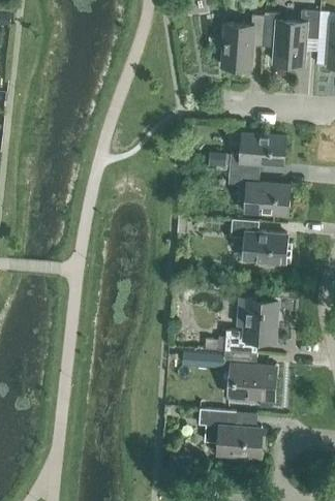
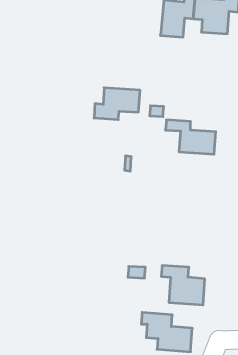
building: [230,134,286,174] -> [94,88,140,120]
building: [231,220,292,265] -> none
building: [224,299,278,353] -> none

